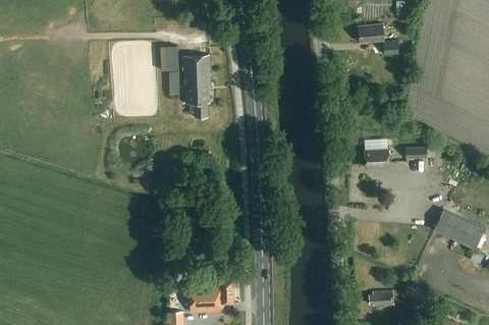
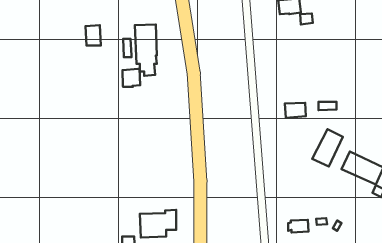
building: [160,46,178,70] -> [86,25,101,46]
building: none -> [122,69,140,87]
building: none -> [312,129,343,167]

